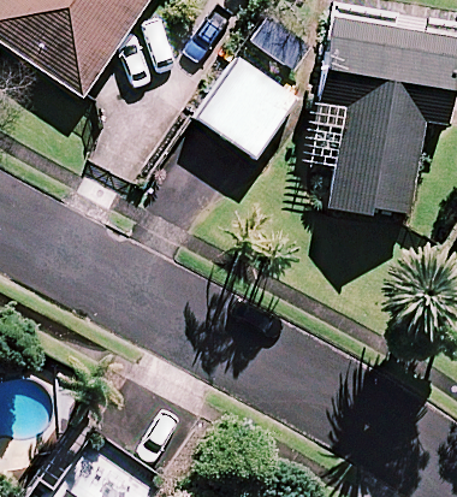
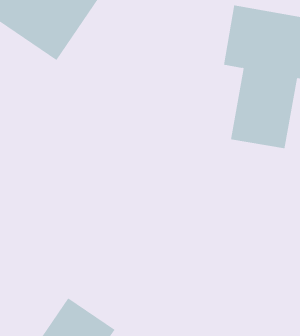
building: [198,64,293,160] -> none

